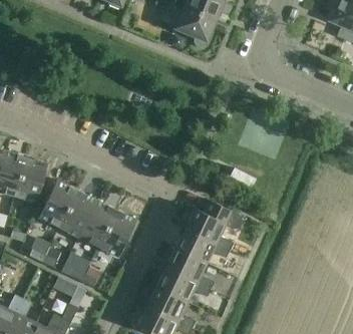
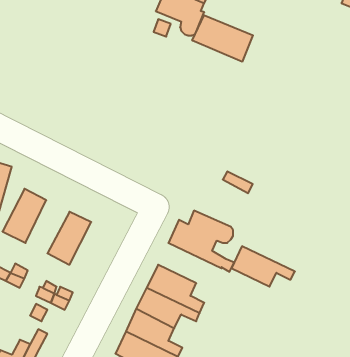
building: none -> [192,15,253,62]
building: [58,192,96,238] -> none
building: [96,211,135,258] -> none
building: [173,229,229,264] -> [232,246,295,287]

